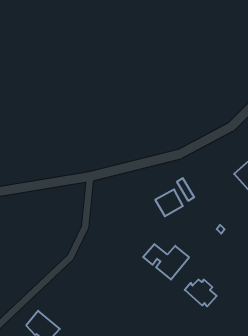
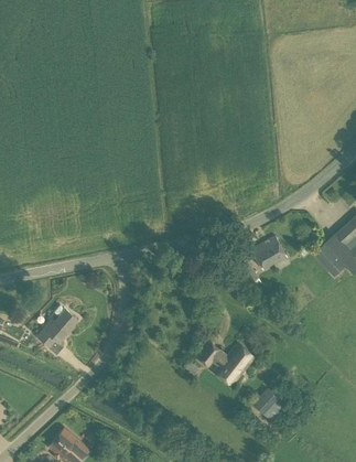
building: [155,189,183,216] -> [250,236,285,270]
building: none -> [36,304,76,346]

